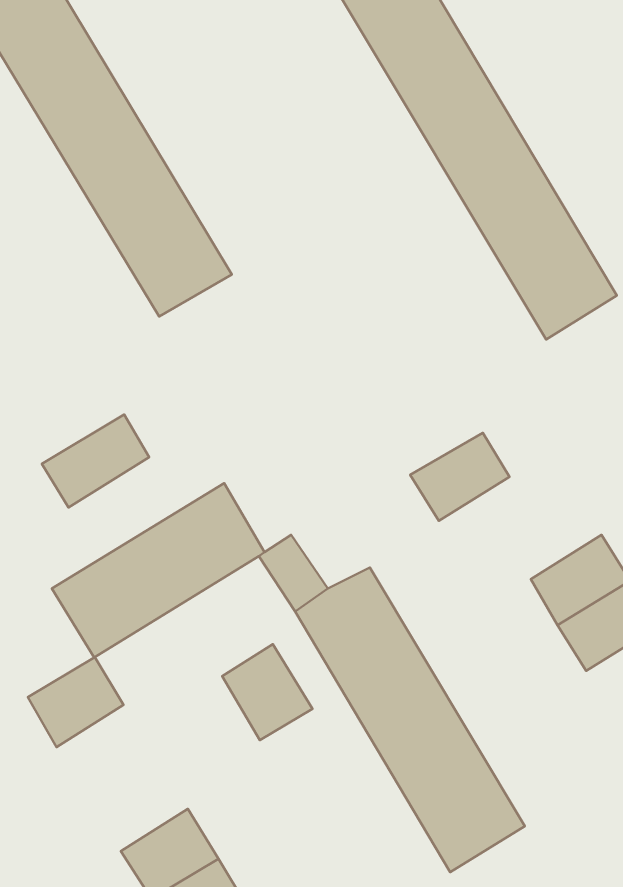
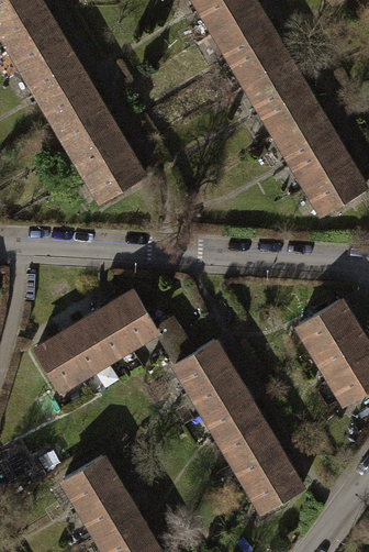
building: [42,414,149,507] -> none
building: [410,433,510,521] -> [295,299,353,350]
building: [222,644,312,740] -> none
building: [28,657,124,747] -> [60,454,115,506]

